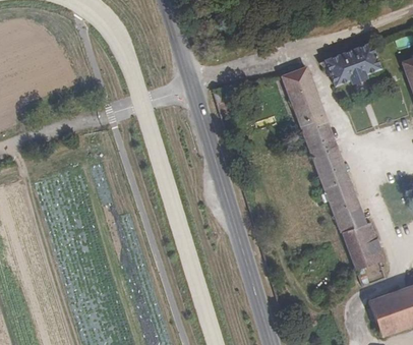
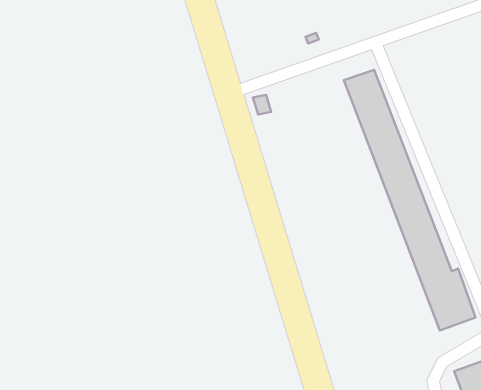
building: [324,43,380,87] -> none

